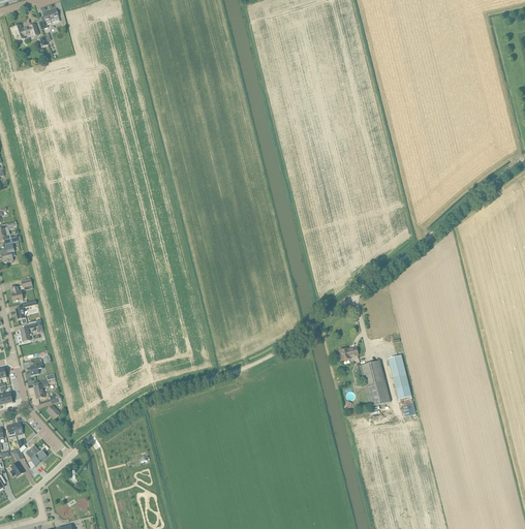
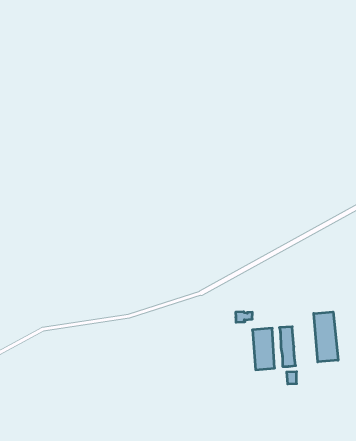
building: none -> [314,312,338,362]

